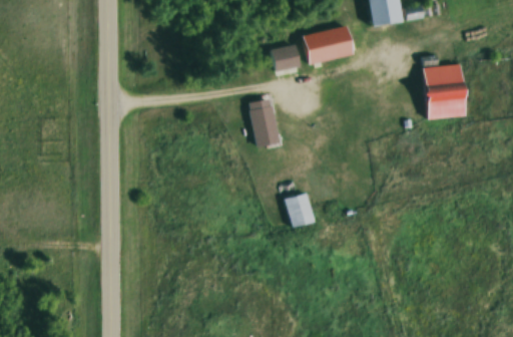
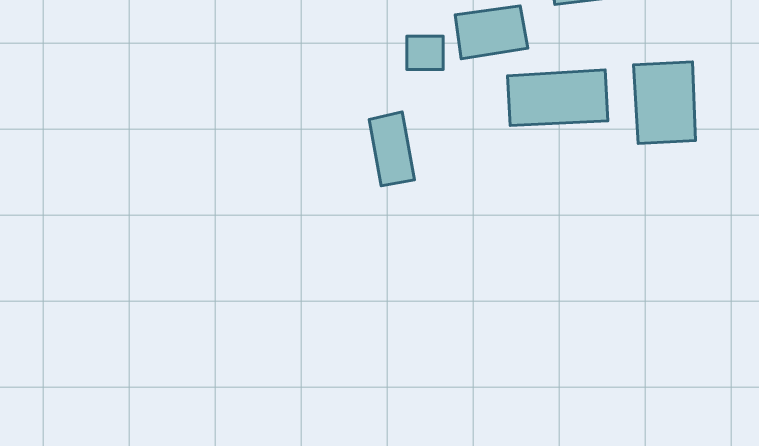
building: none -> [508,70,608,126]
building: [282,181,315,228] -> none

